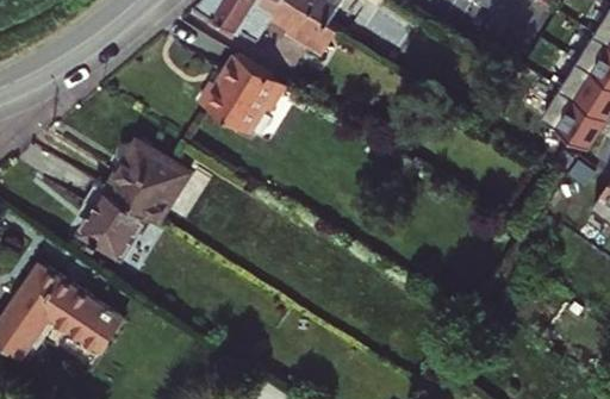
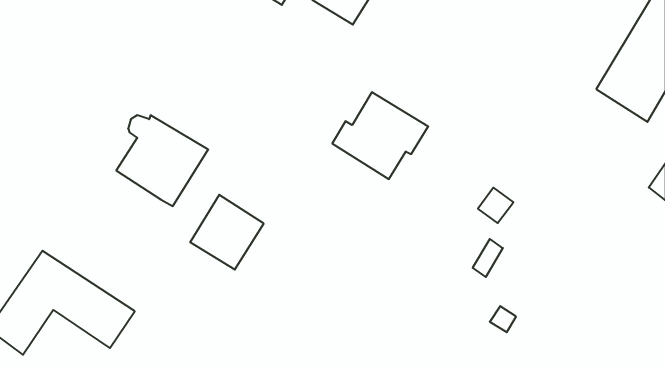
building: [195,56,282,135] -> [332,92,428,179]
building: [80,193,147,261] -> [190,195,264,270]

